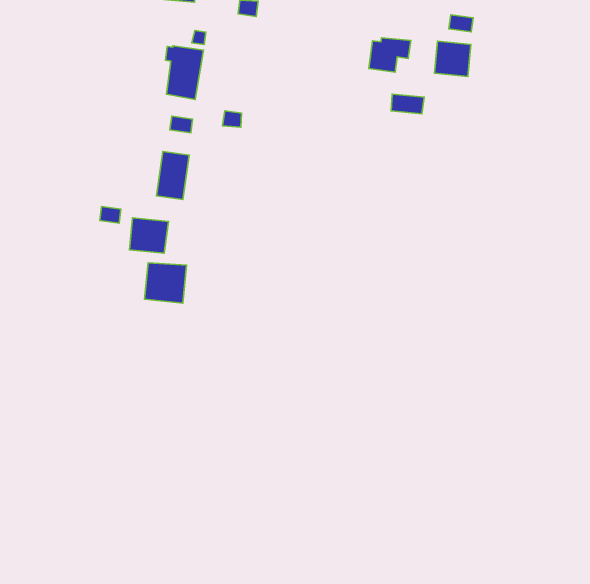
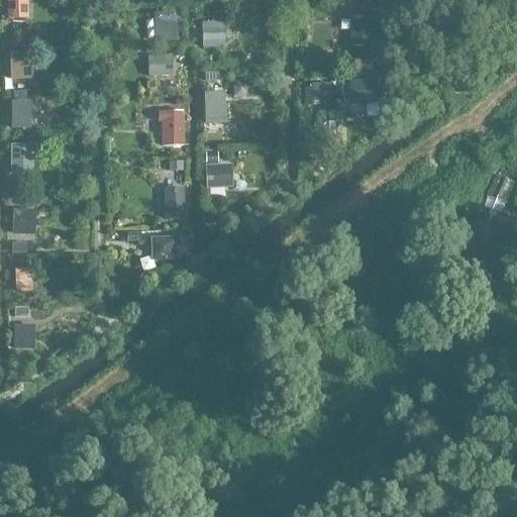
building: none -> [204,89,225,122]
building: none -> [204,161,232,187]
building: [144,263,187,303] -> none

